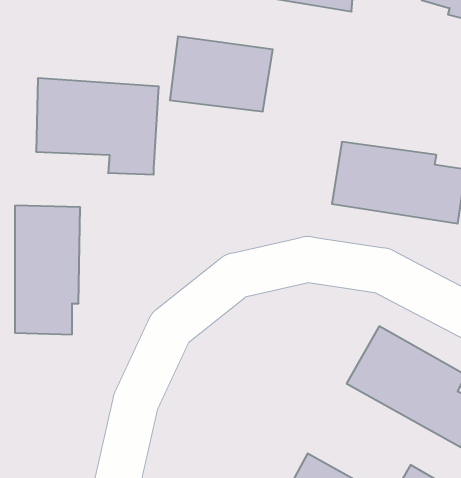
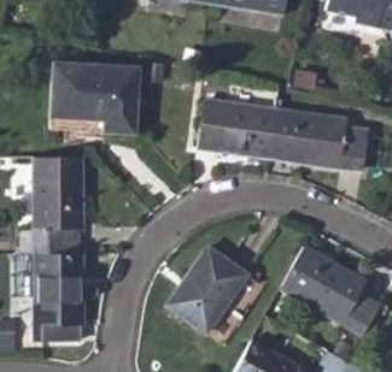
building: [170,36,273,111] -> [200,101,276,157]
building: none -> [169,246,250,332]
building: none -> [35,252,82,342]

